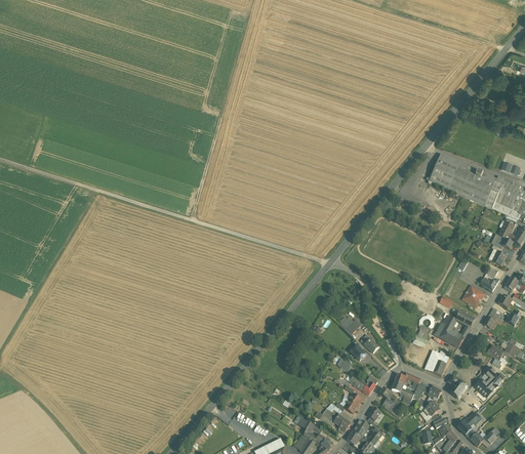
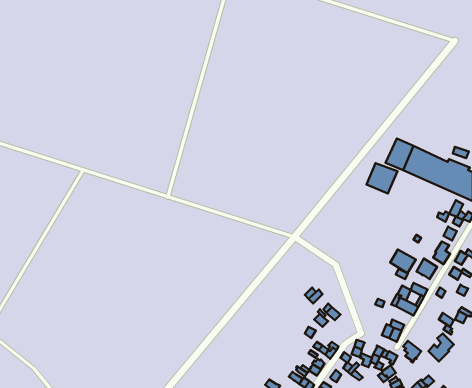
building: none -> [367,163,397,194]
building: none -> [390,250,416,273]

